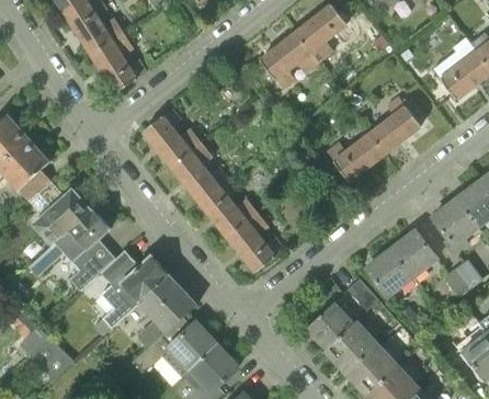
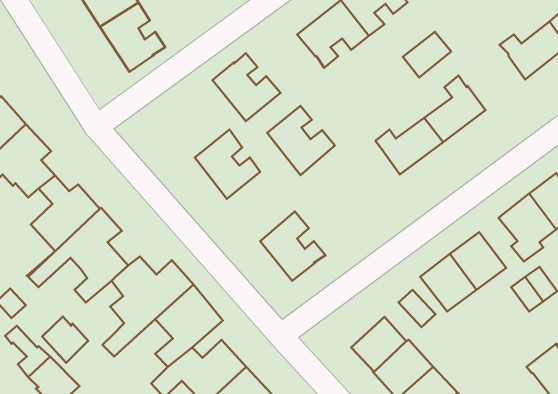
building: none -> [403,32,451,77]
building: [144,107,202,166] -> [213,53,280,121]
building: [200,178,258,237] -> [267,106,335,175]
building: none -> [42,317,88,363]

